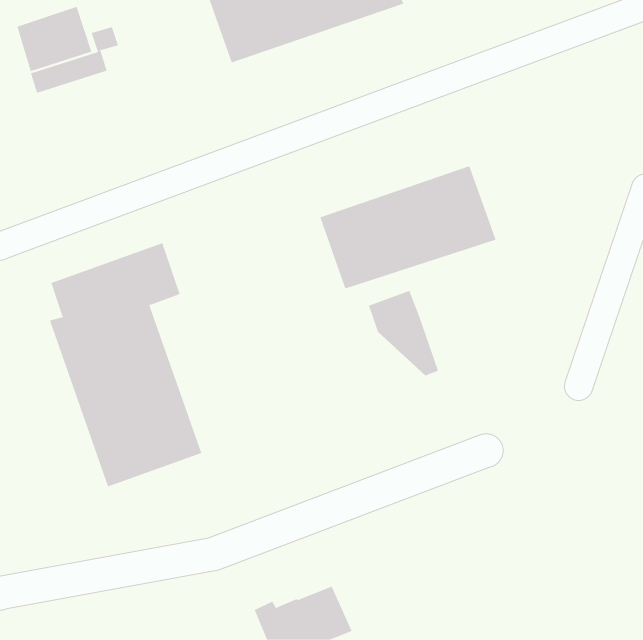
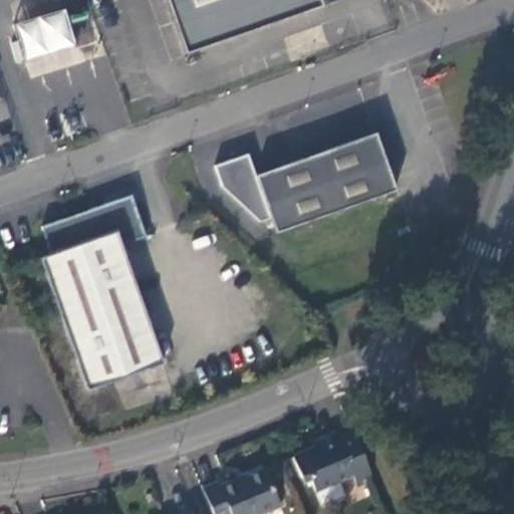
building: [368,290,439,376] -> [215,152,271,220]
building: none -> [296,429,375,487]

